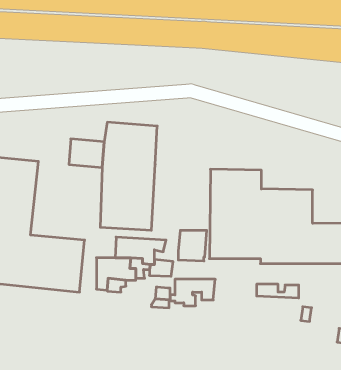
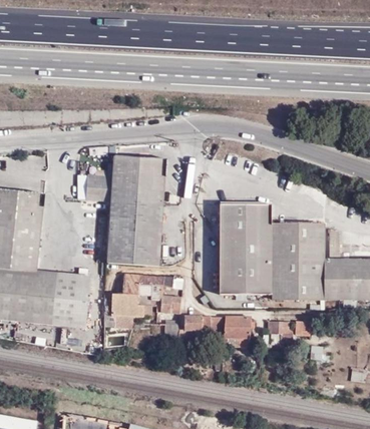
building: [178,230,207,261] -> [223,316,252,347]

